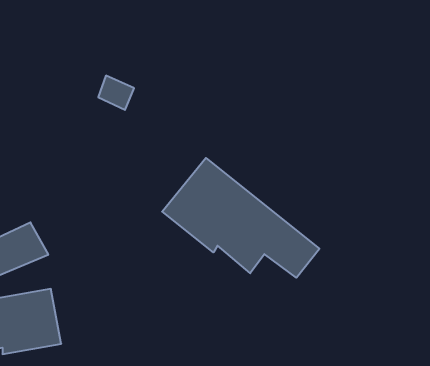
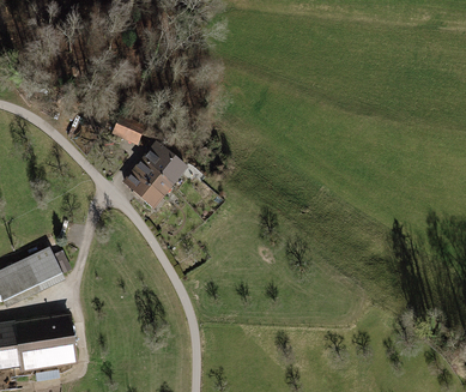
building: none -> [122,139,188,206]
building: [162,158,319,278] -> none

